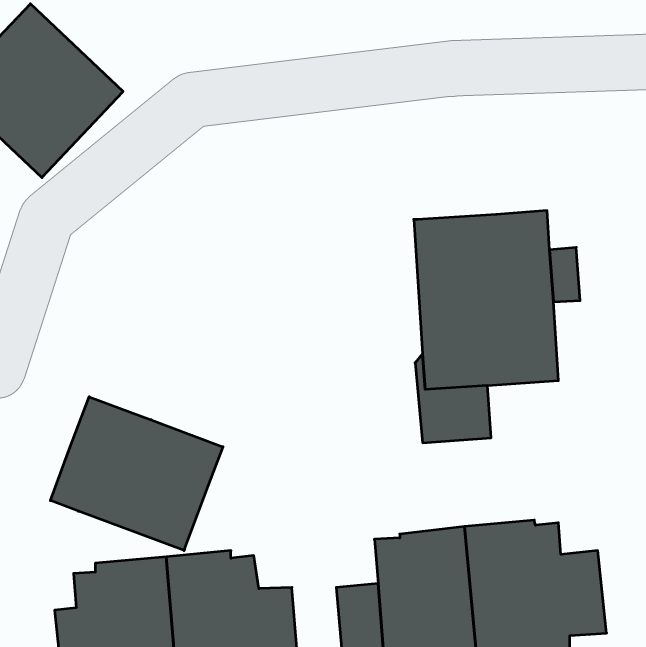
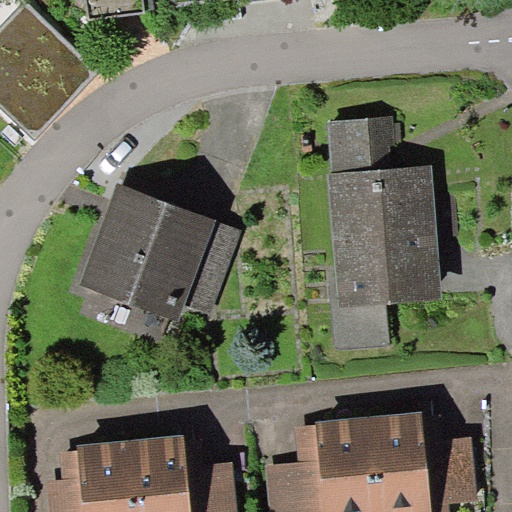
building: none -> [326,118,399,174]
building: none -> [77,183,240,323]
building: [50,397,223,551] -> none

